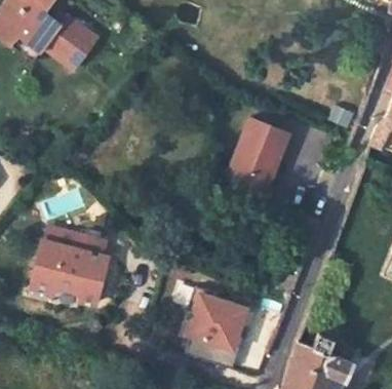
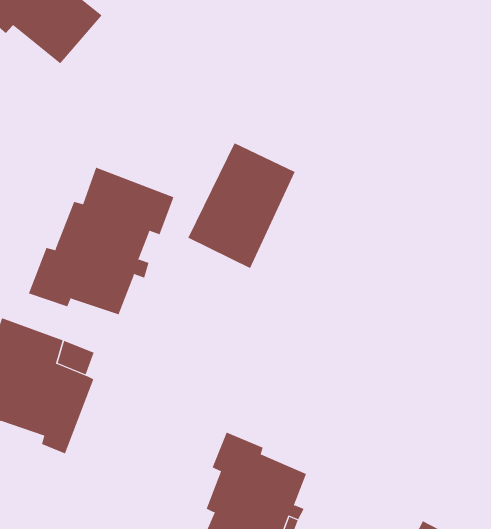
building: [227,117,290,194] -> [187,142,296,269]
building: none -> [28,167,174,315]

